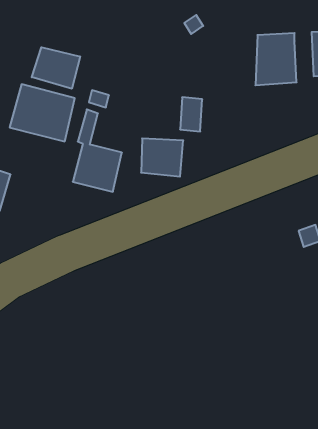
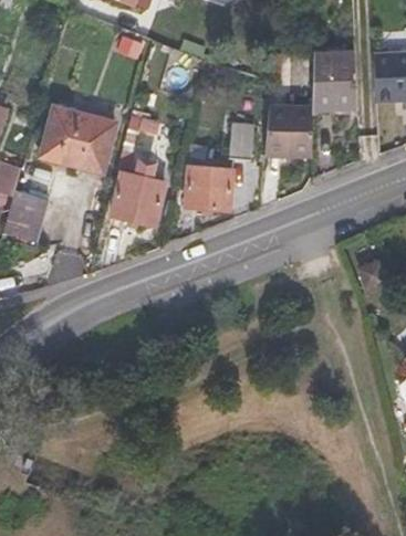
building: [32,47,80,89] -> none
building: none -> [263,111,312,162]

